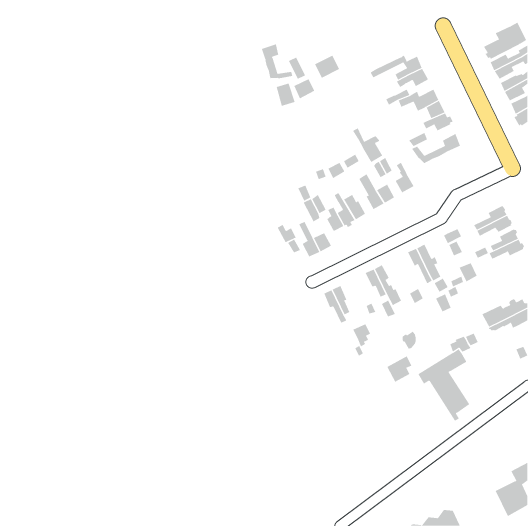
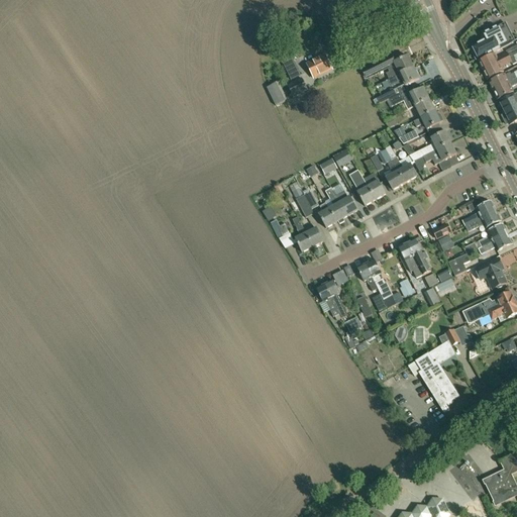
building: [261,44,293,80] -> none
building: [352,128,383,163] -> [387,147,417,182]
building: none -> [423,142,456,169]
building: none -> [476,257,506,288]

